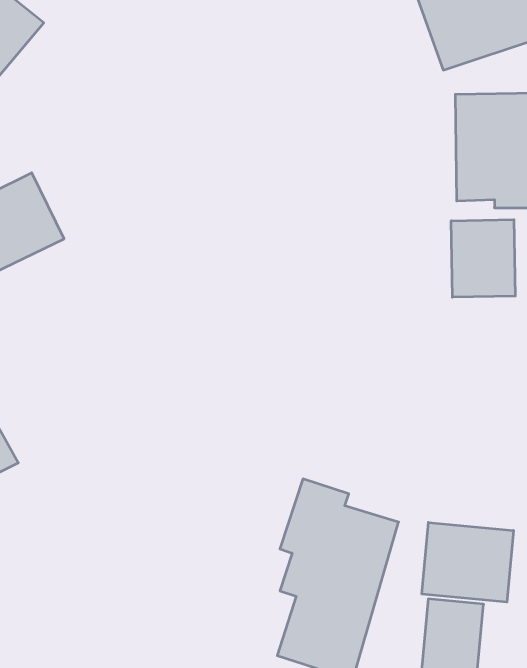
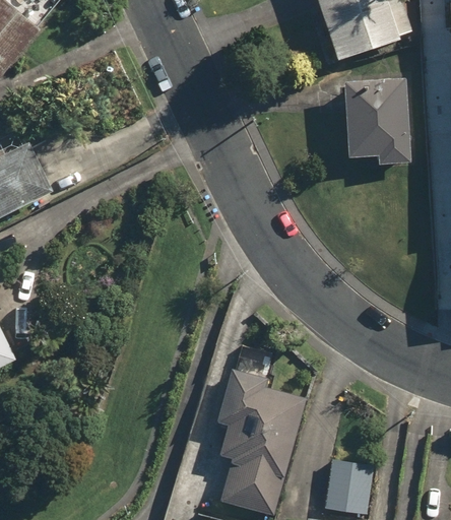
building: [451,220,515,297] -> none
building: [422,522,513,602] -> none

